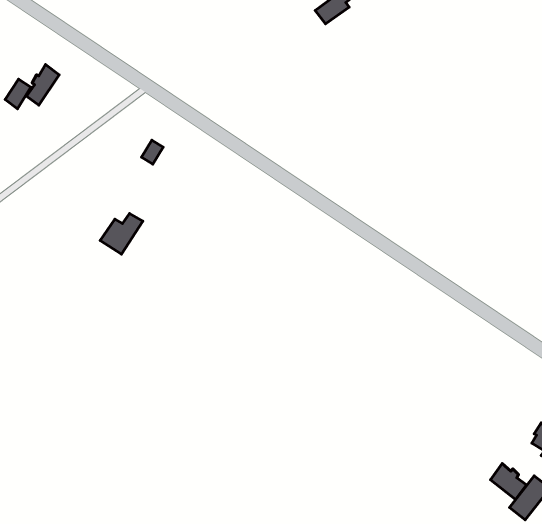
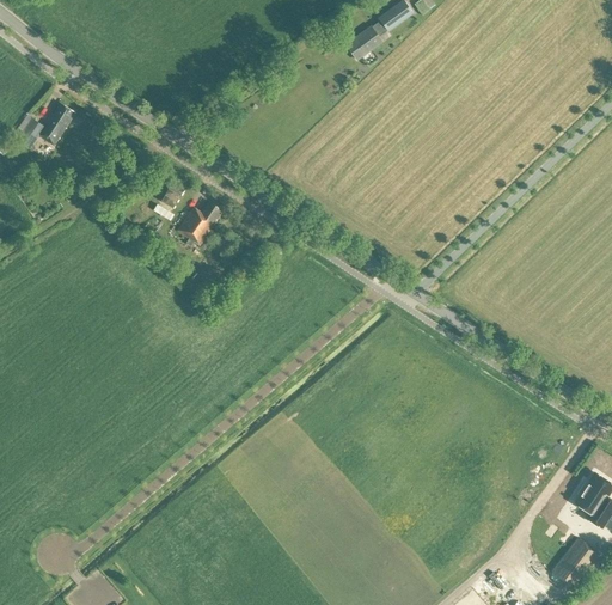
building: [100,213,143,254] -> [178,201,224,244]
building: [490,464,526,500] -> none

